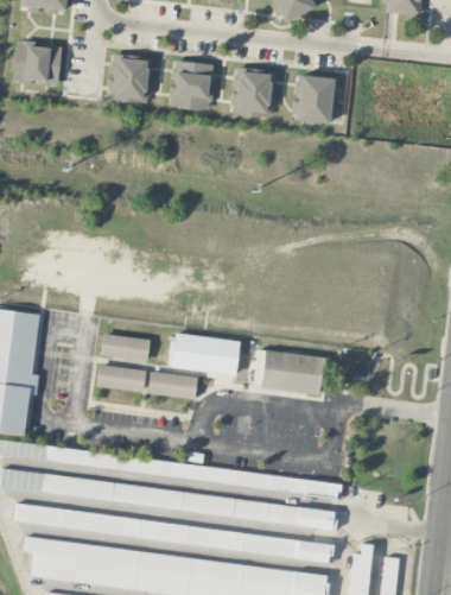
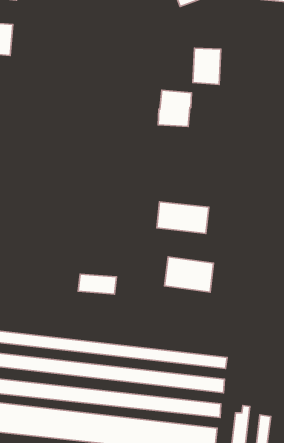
building: [108,55,153,102] -> none
building: [170,61,214,109] -> none
building: [231,68,275,115] -> [158,90,192,127]
building: [171,333,239,374] -> [157,202,209,233]
building: [101,335,148,360] -> none
building: [95,363,146,393] -> none

